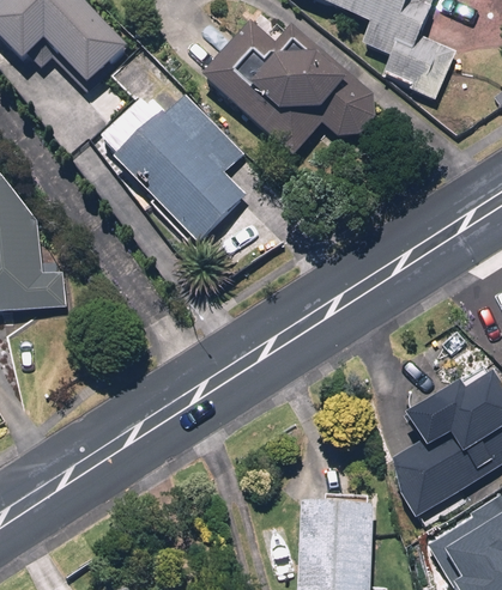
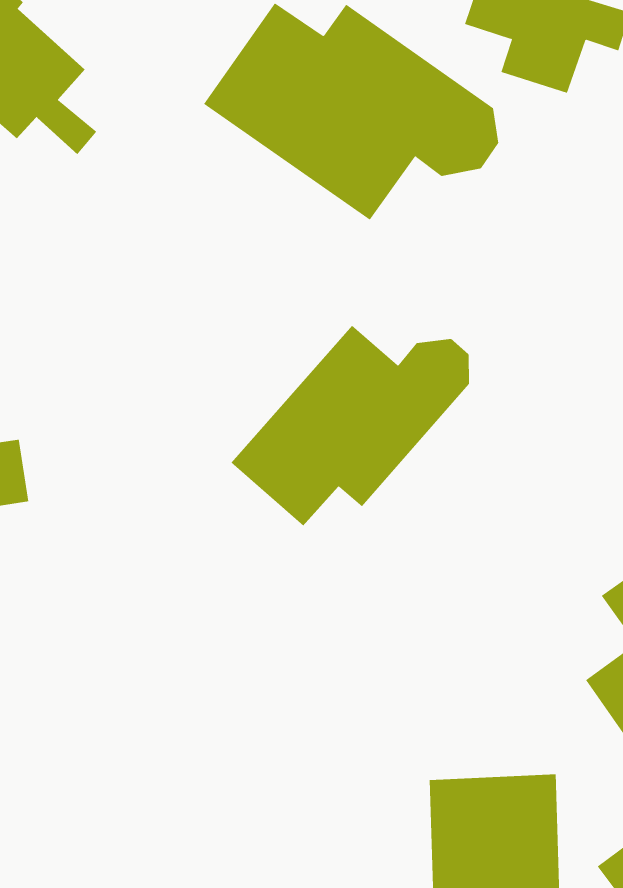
building: [97,92,250,248] -> none
building: none -> [230,325,470,527]

